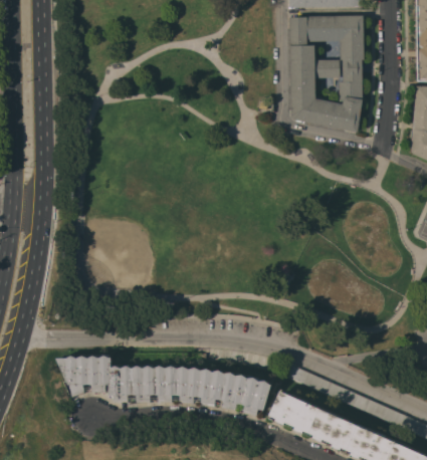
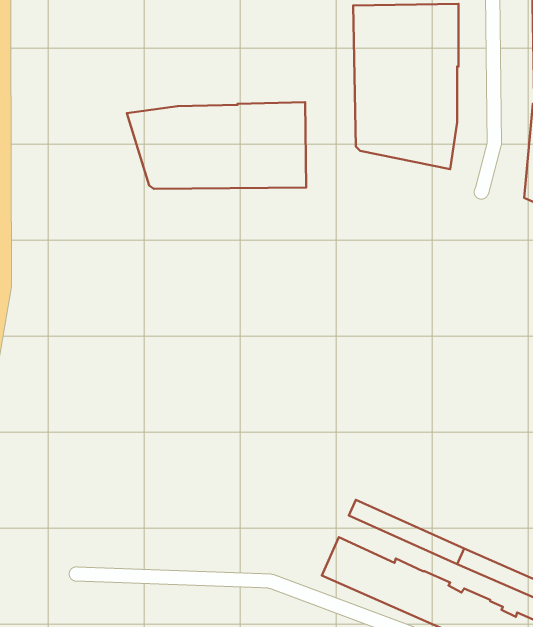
building: none -> [127,102,306,189]
building: [55,356,270,417] -> none

